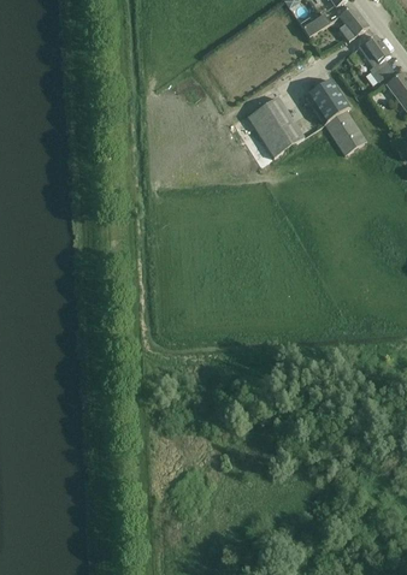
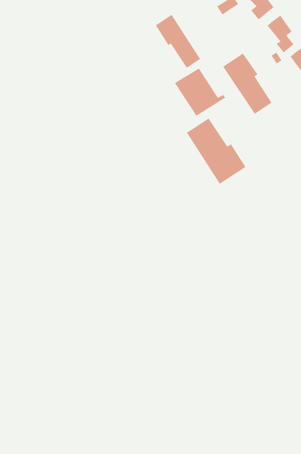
building: none -> [155,14,201,69]
building: none -> [186,118,247,185]

